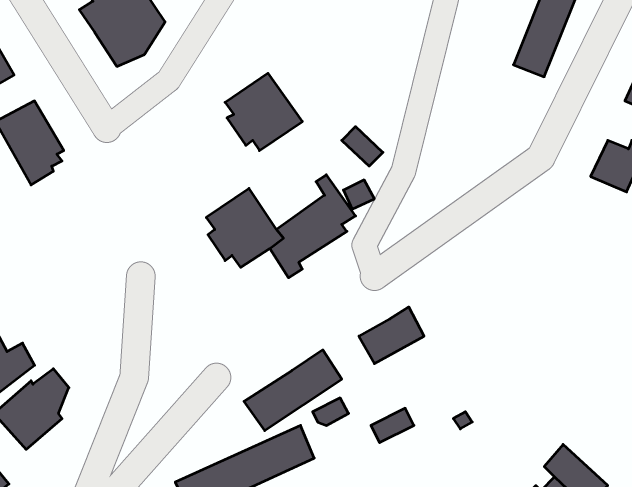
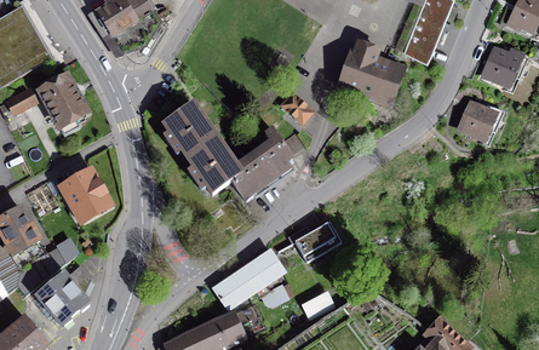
building: none -> [342,42,401,101]
building: [225,73,302,151] -> [162,104,217,159]
building: none -> [61,171,109,222]

